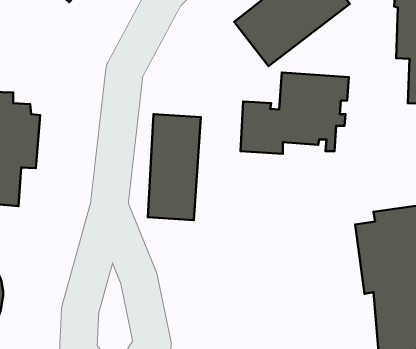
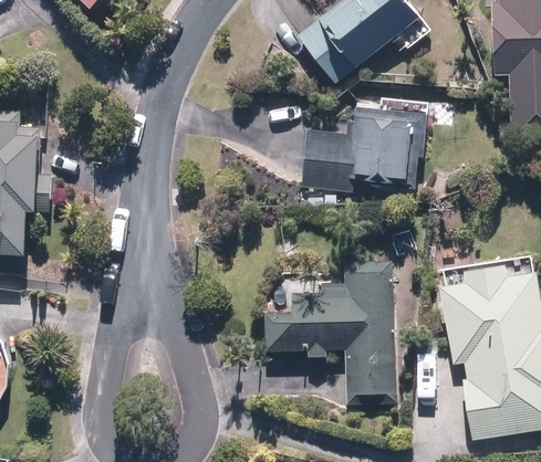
building: [148,114,201,220] -> none
building: none -> [262,258,399,413]

